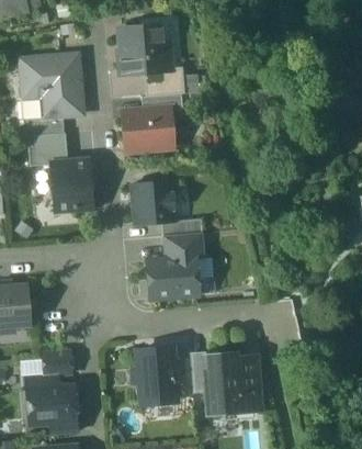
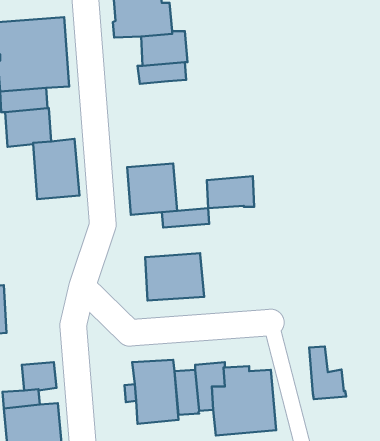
building: [125,110,169,148] -> none
building: [162,232,203,259] -> [207,176,254,208]
building: none -> [309,346,346,399]

